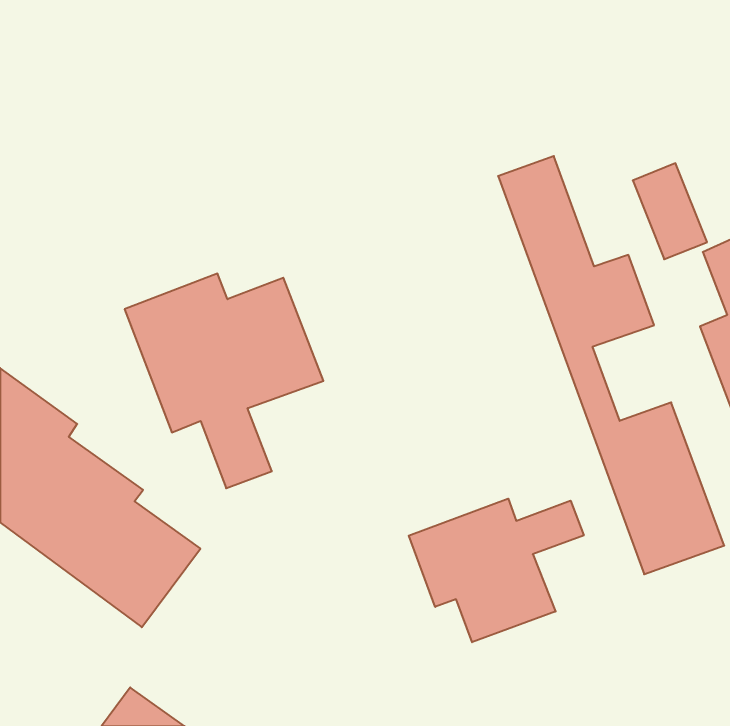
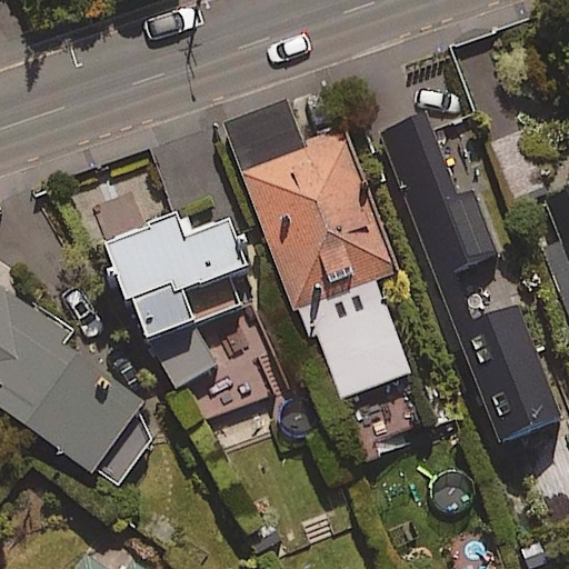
building: none -> [240,131,406,395]
building: [409,499,584,642] -> none

